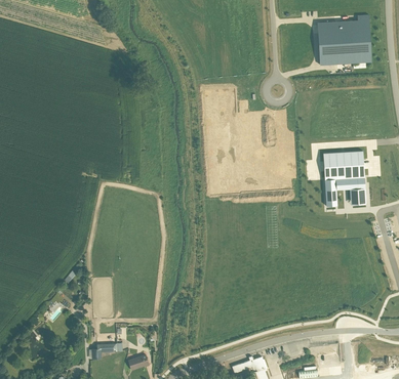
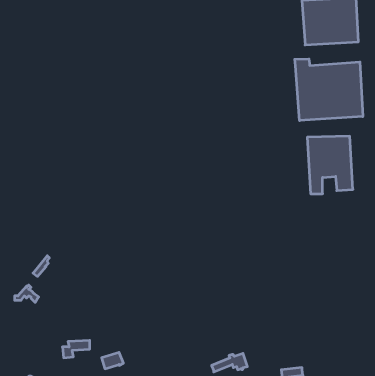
building: none -> [295,59,363,121]

